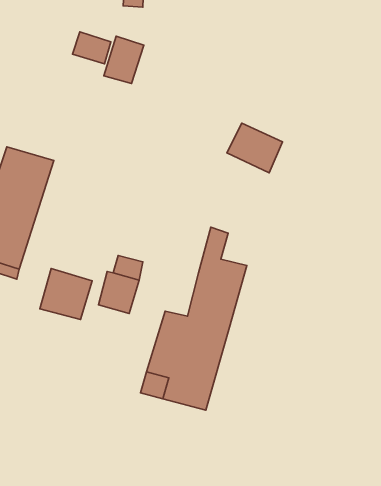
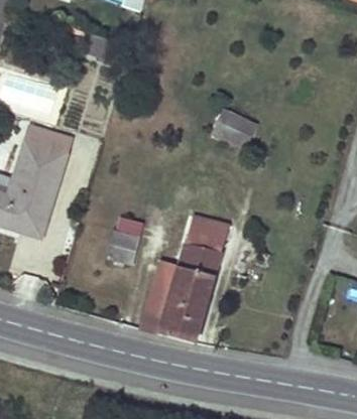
building: [104,36,144,84] -> none
building: [40,268,92,319] -> none

